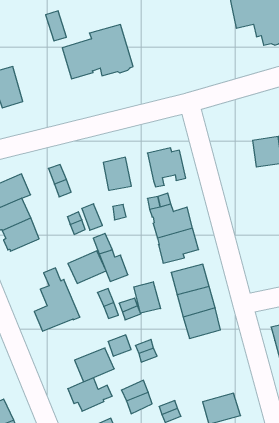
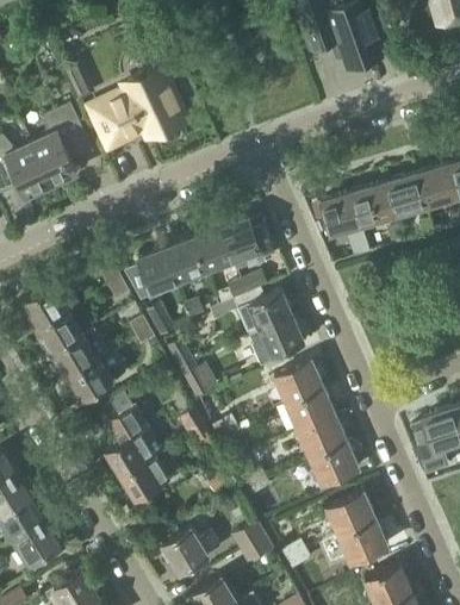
building: none -> [32,104,92,186]
building: none -> [321,193,362,236]
building: none -> [193,229,234,274]
building: none -> [125,249,179,300]
building: [68,251,106,283] -> [63,358,113,404]
building: [134,282,161,313] -> none
building: none -> [309,442,359,486]
building: [75,348,114,382] -> [119,455,172,503]
building: none -> [325,493,375,537]

